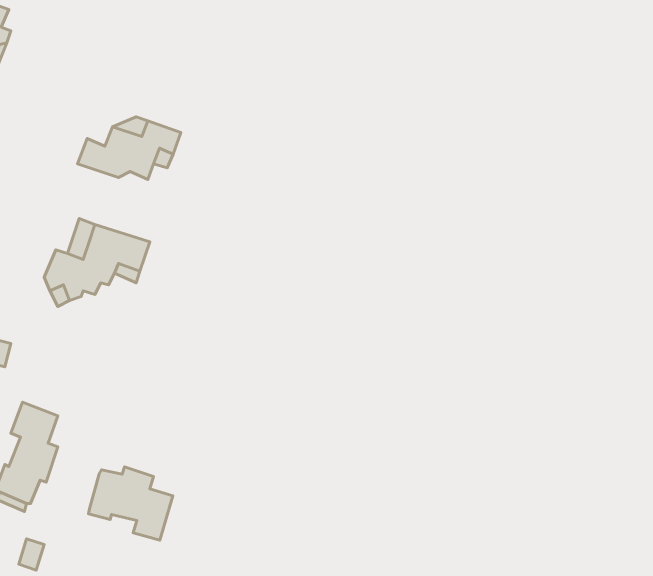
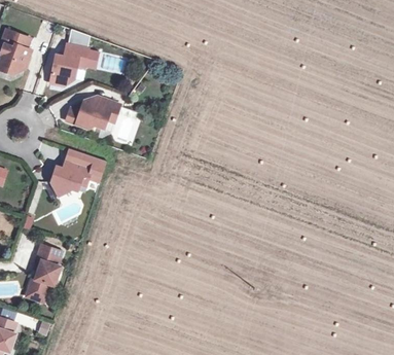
building: none -> [52,44,91,85]
building: [88,467,173,540] -> none

